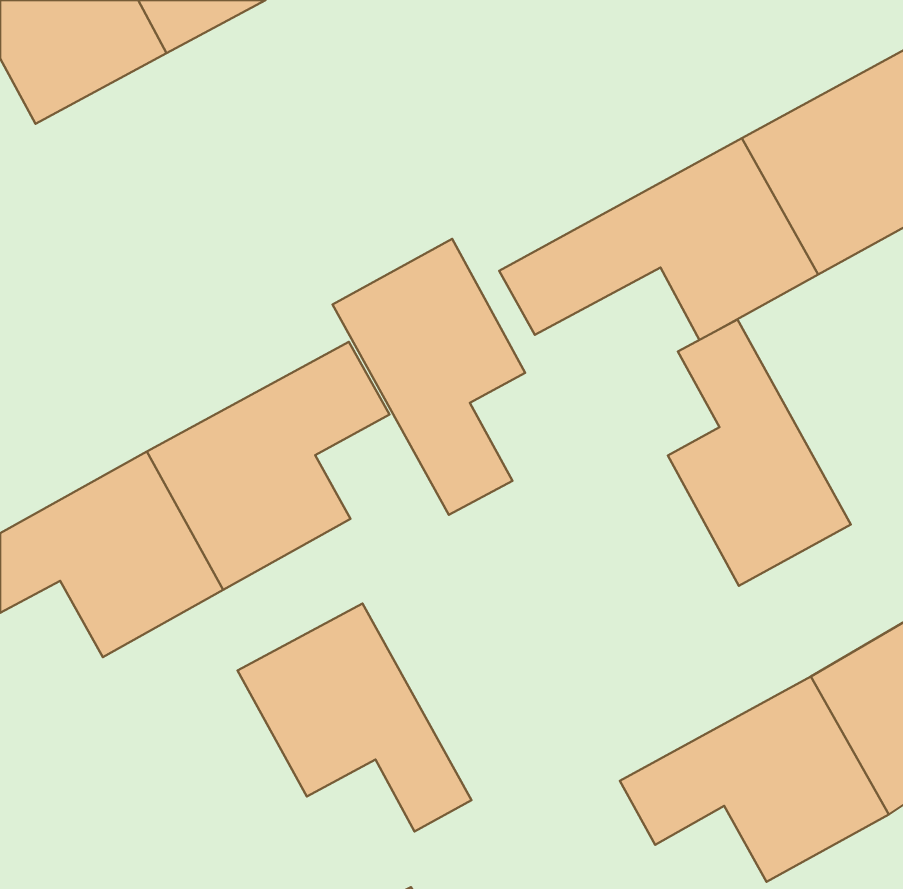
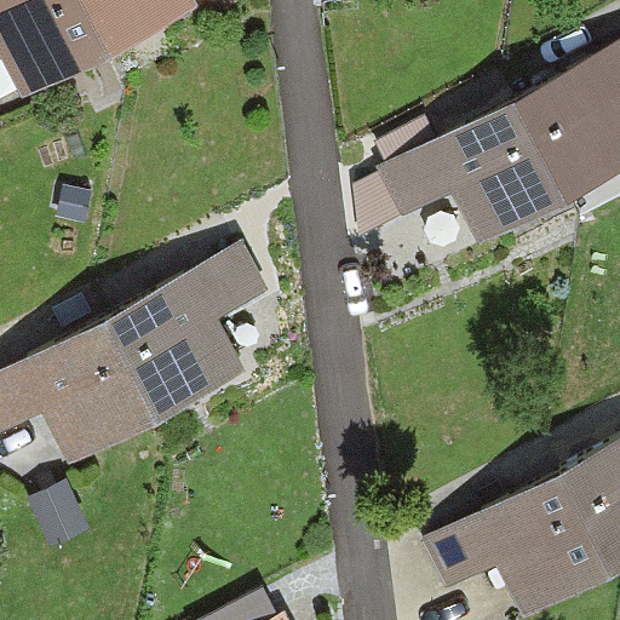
building: [332,239,525,515] -> none
building: [668,320,851,586] -> none
building: [237,603,472,832] -> none

